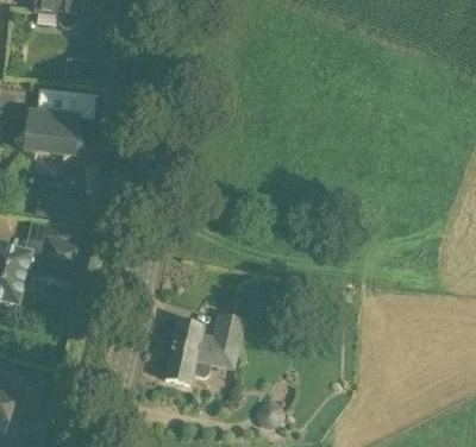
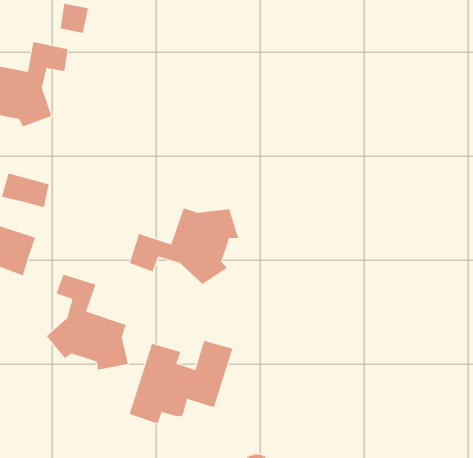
building: none -> [129,208,239,285]
building: none -> [46,274,128,370]

